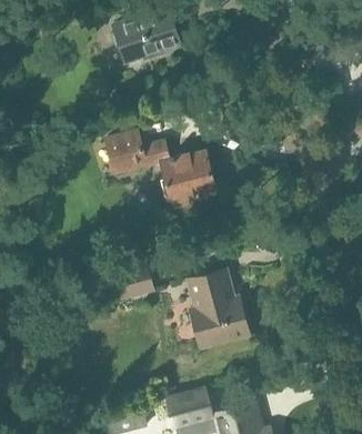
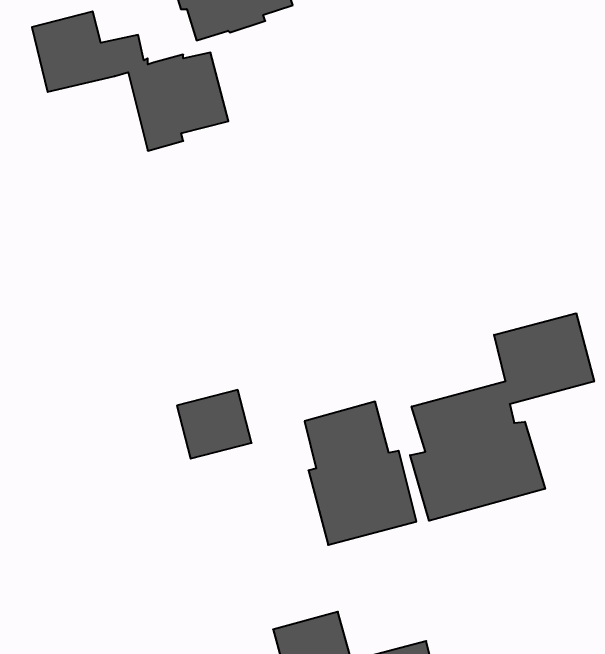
building: [104,129,215,208] -> [32,11,228,151]
building: none -> [410,313,594,521]

